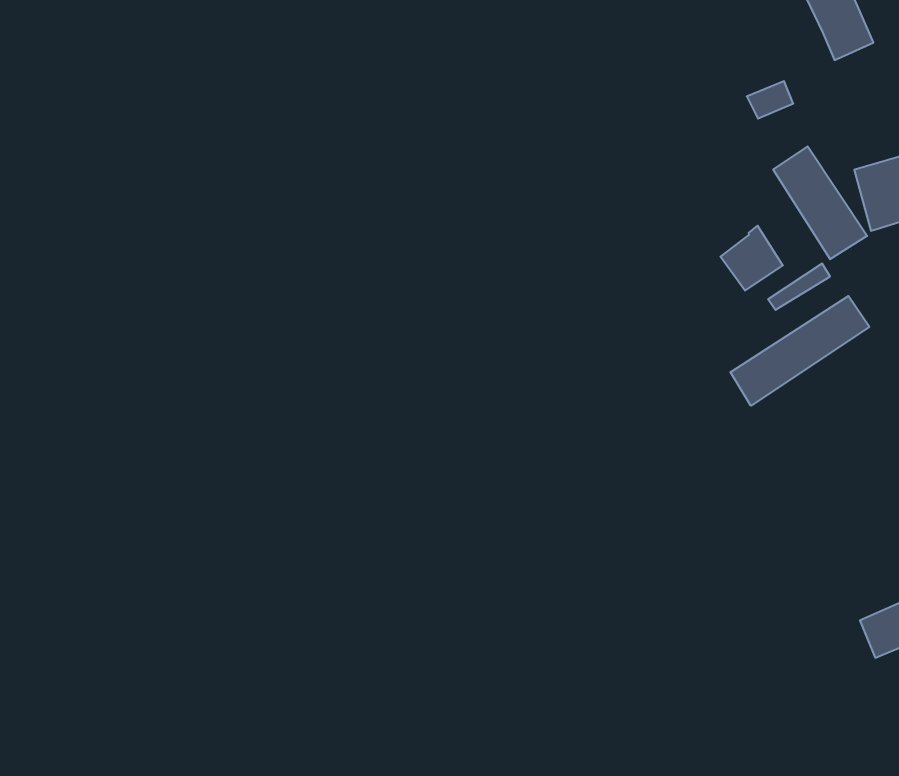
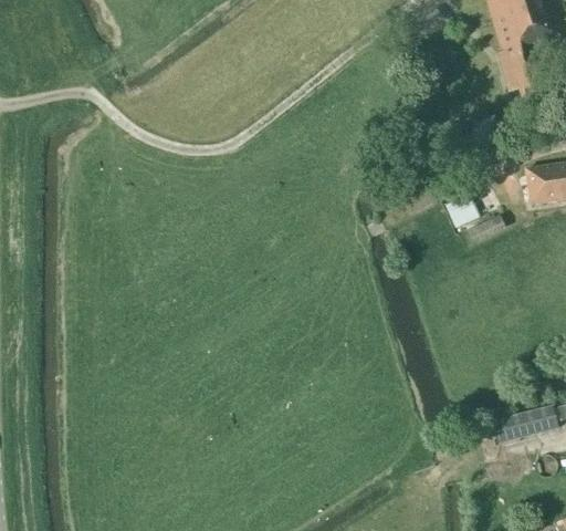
building: [773,146,867,259] -> none
building: [730,296,869,406] -> none

